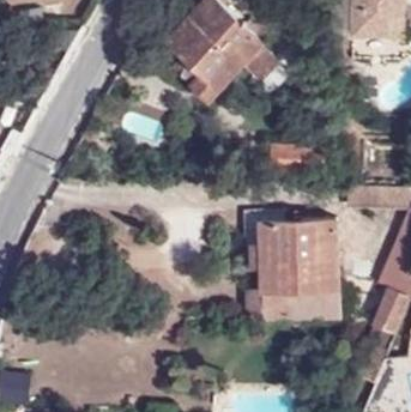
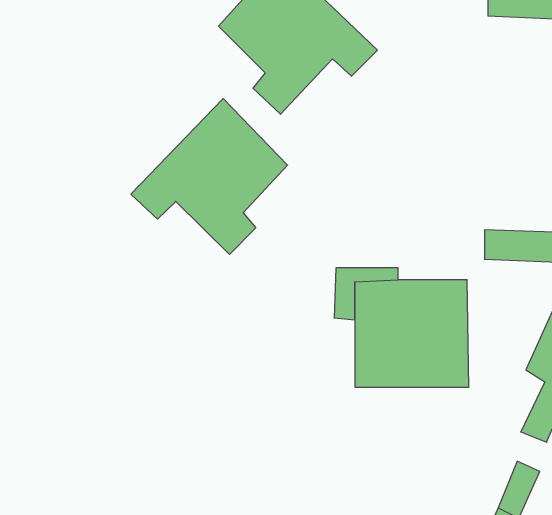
building: none -> [131,99,288,254]
building: [259,293,338,321] -> none

